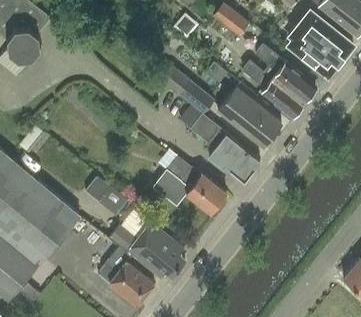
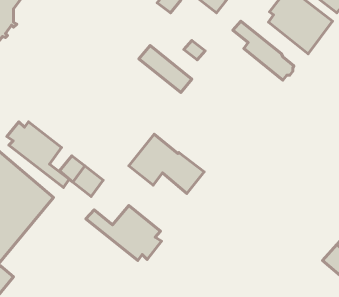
building: [243,60,304,116] -> none
building: [216,88,280,148] -> none
building: [178,104,260,178] -> none
building: none -> [7,122,69,187]
building: [98,247,154,305] -> none

